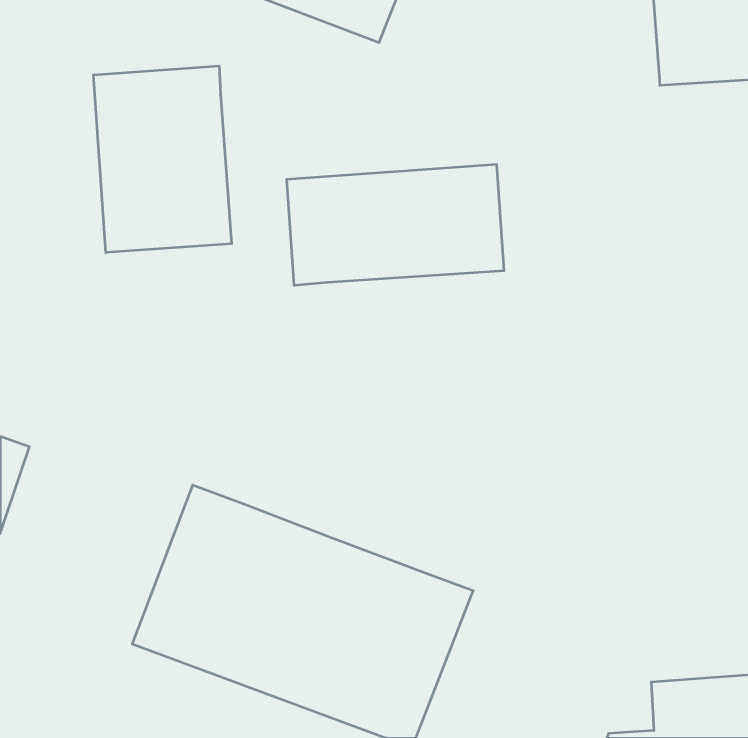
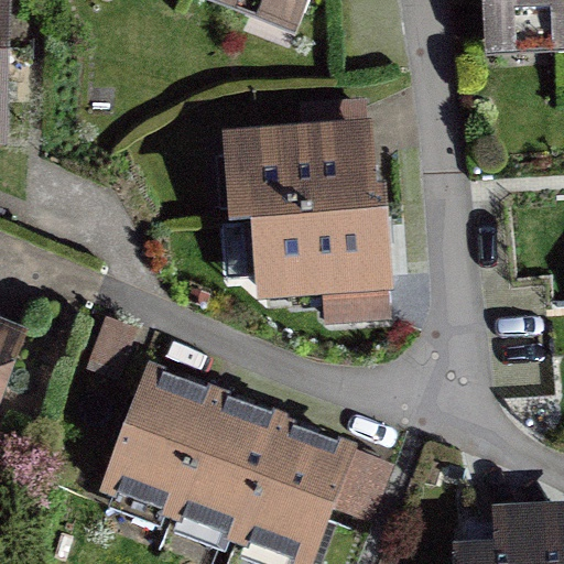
building: [94,66,232,253] -> none
building: none -> [248,203,389,324]

